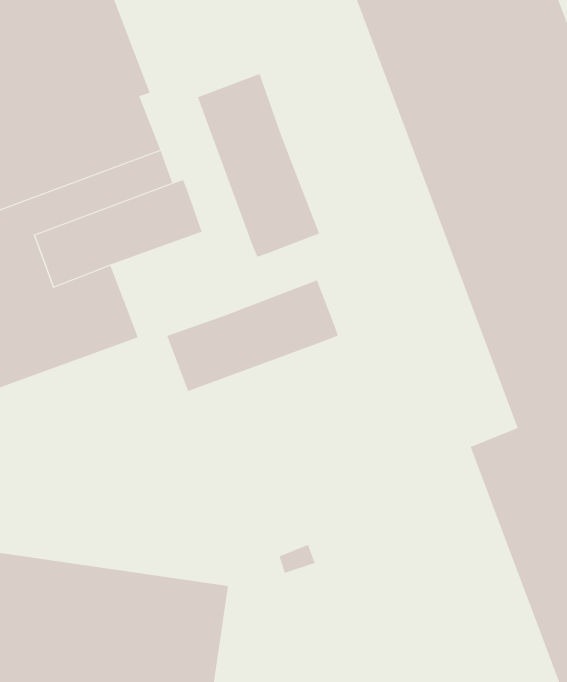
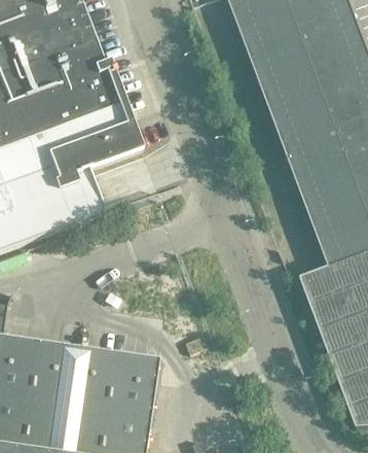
building: [197,73,320,258] -> none
building: [166,279,339,392] -> none

